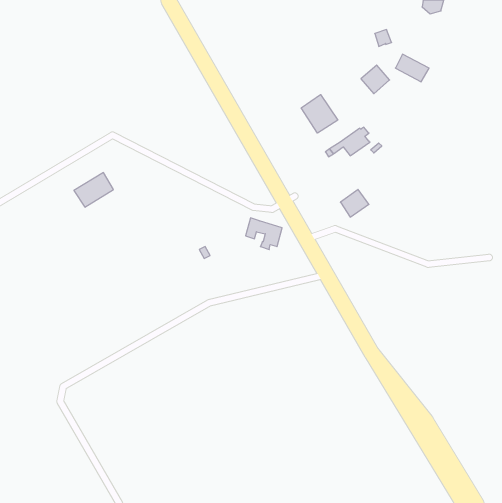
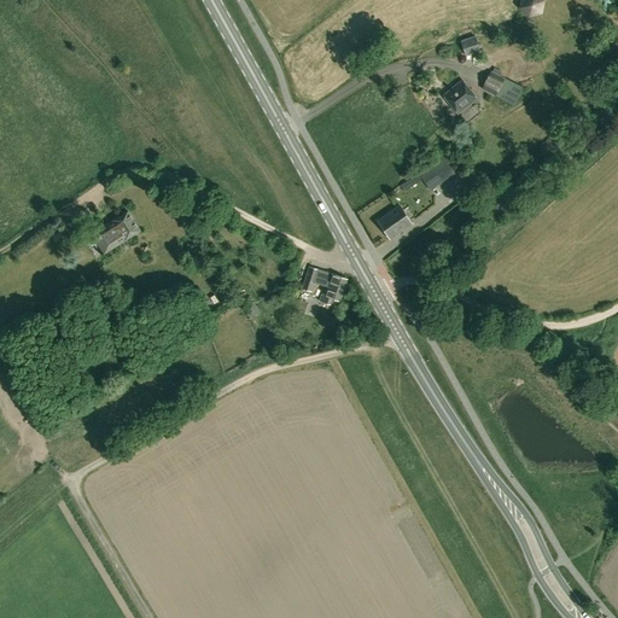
building: [301,95,338,133] -> none
building: [340,189,369,217] -> [377,206,412,240]

